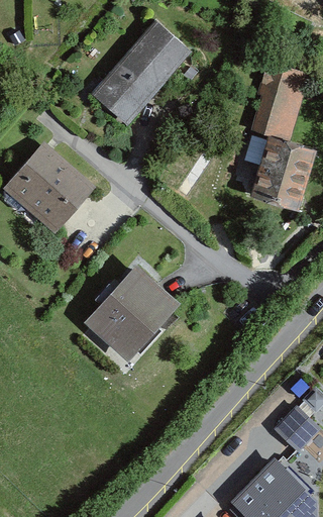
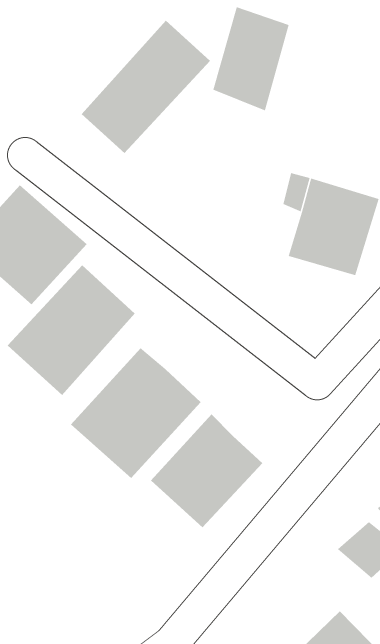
building: [248,60,307,139] -> [212,6,289,111]
building: none -> [7,265,136,396]
building: none -> [150,414,263,528]

